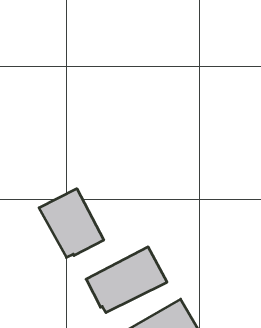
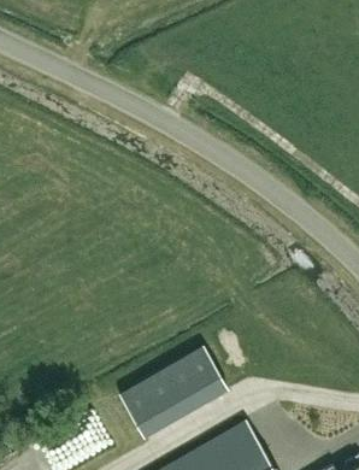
building: [39,189,104,258] -> none

